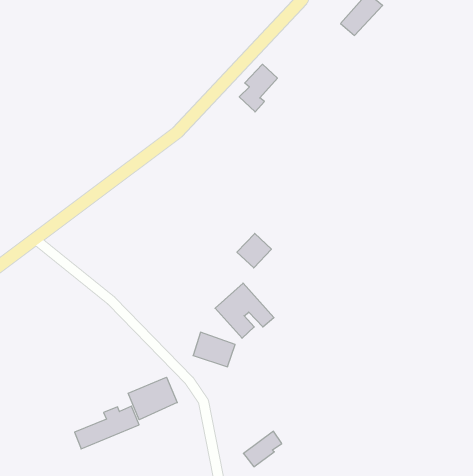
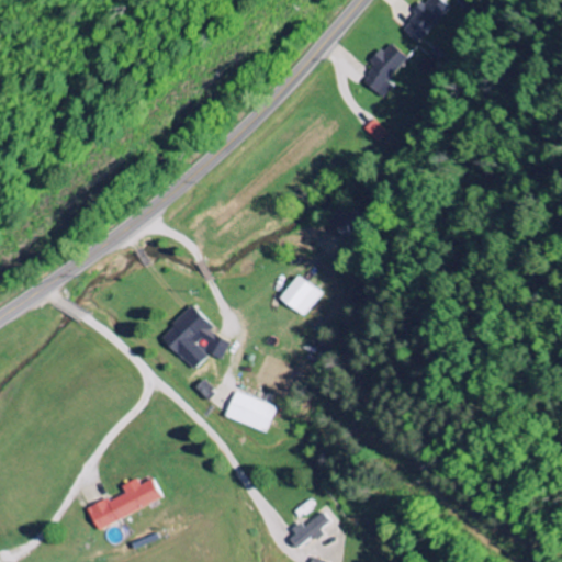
building: [239,64,277,112] -> [362,41,407,97]
building: [215,283,274,338] -> [160,305,229,370]
building: [128,377,177,420] -> none

